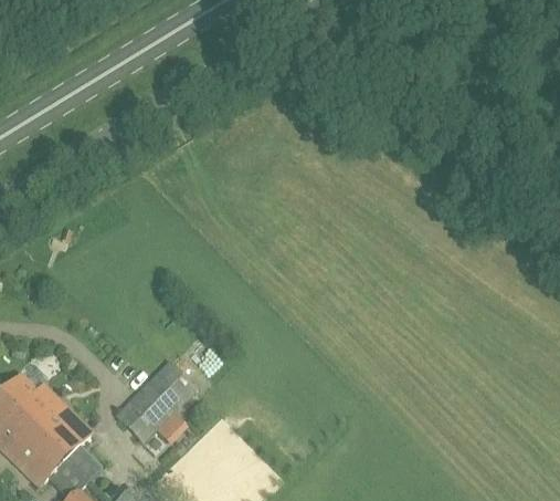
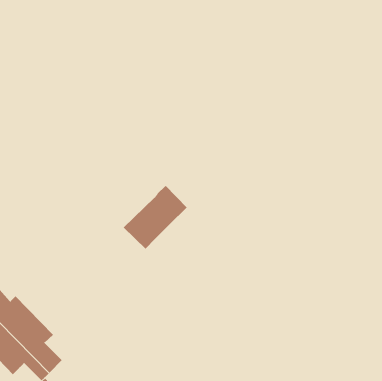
building: [114,359,196,441] -> [123,185,187,249]

